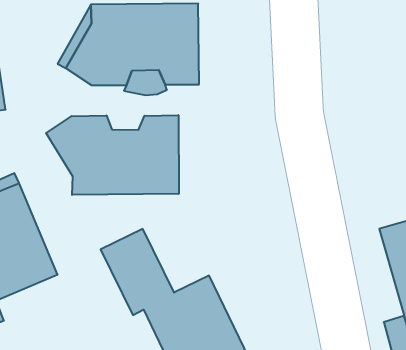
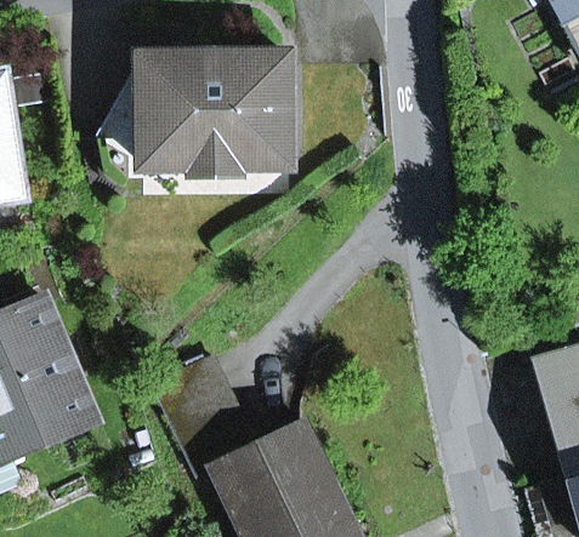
building: [46,115,179,195] -> none

